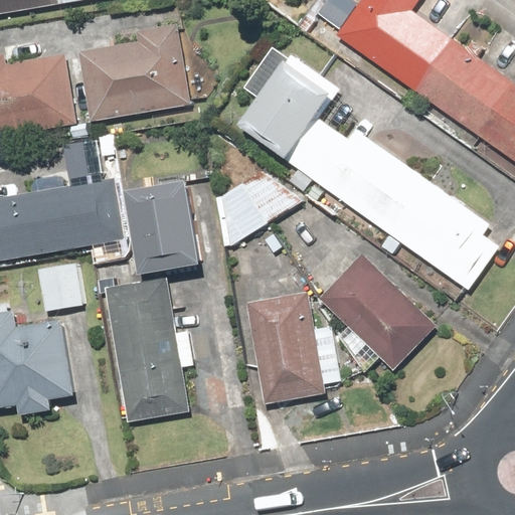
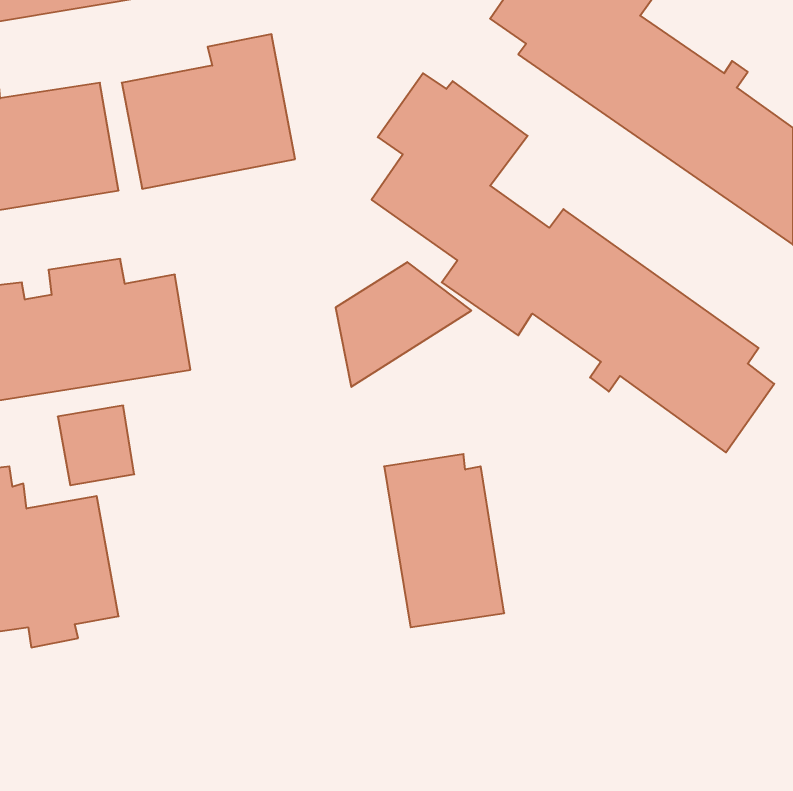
building: [127,178,208,279] -> none
building: [319,253,435,373] -> none
building: [91,259,195,421] -> none

